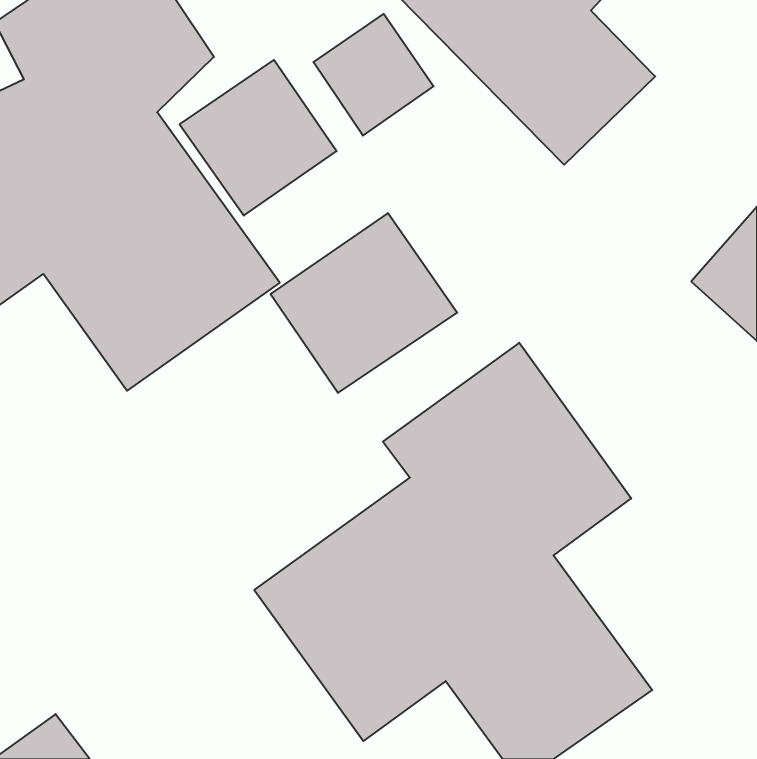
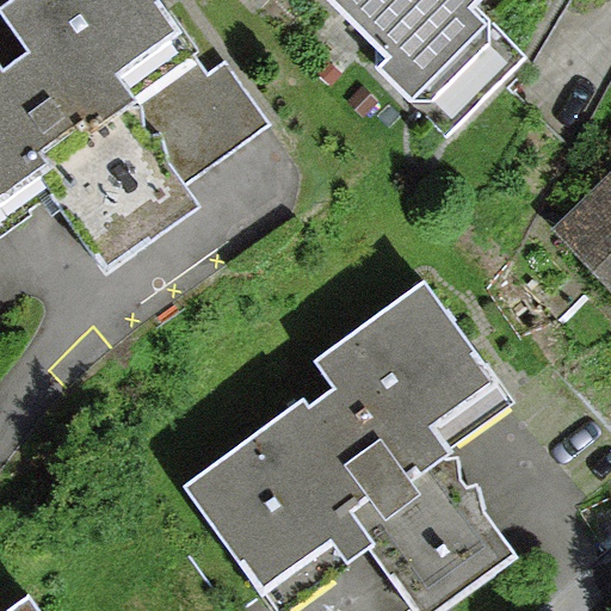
building: [313,14,434,136] -> none
building: [271,213,457,393] -> none

